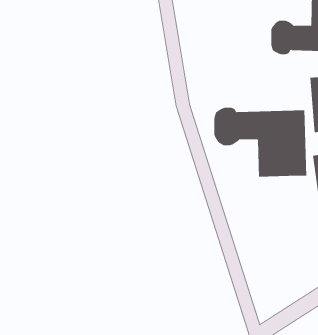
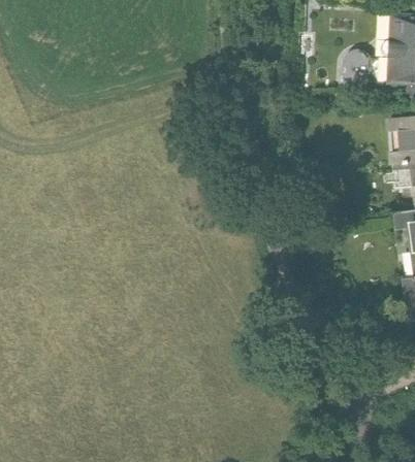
building: [214,107,307,178] -> none

